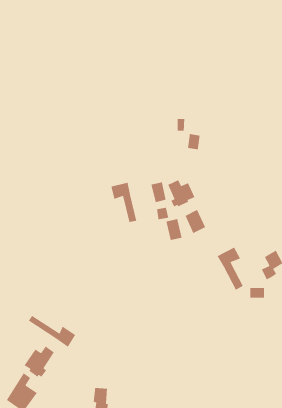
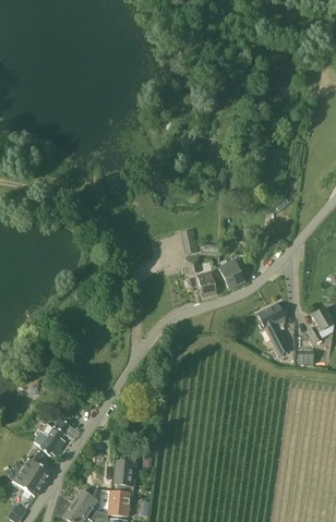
building: [167,179,195,208] -> none
building: [111,182,137,223] -> none
building: [28,315,76,348] -> none

